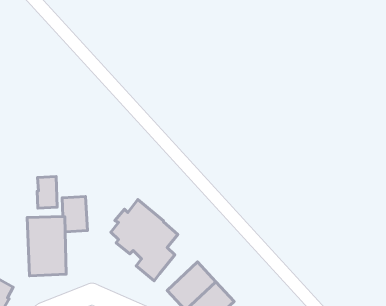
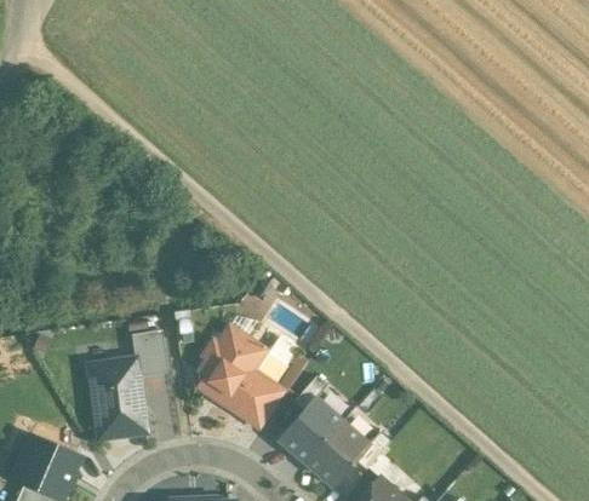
building: [37,177,57,208] -> none

